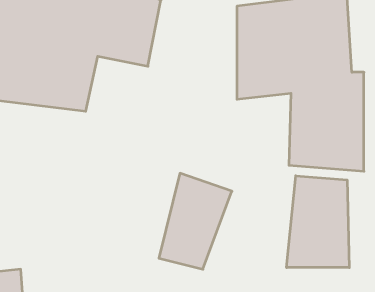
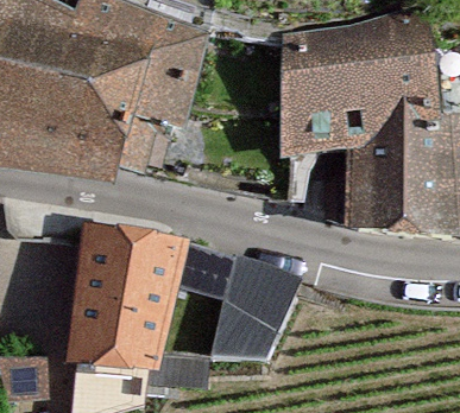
building: none -> [73,236,175,368]
building: [287,176,349,268] -> none

